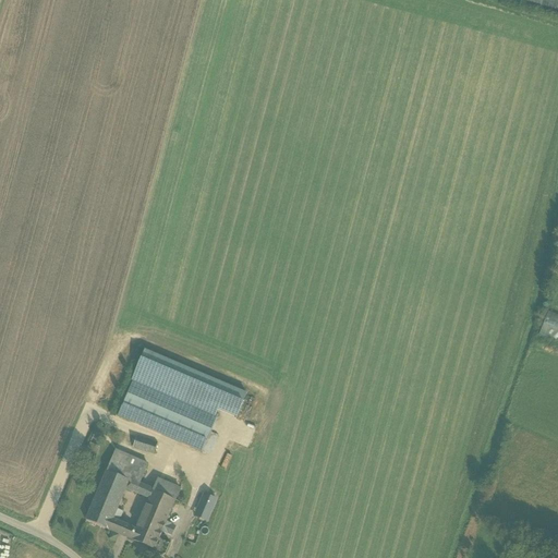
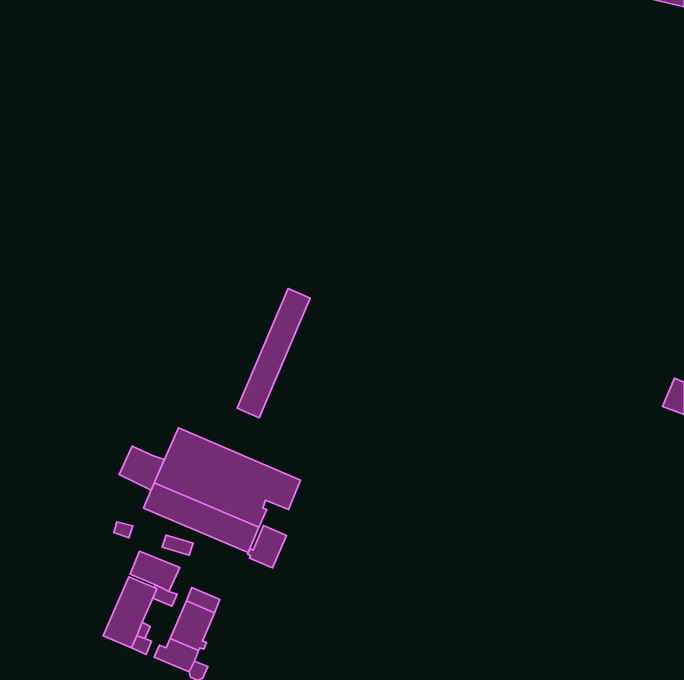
building: none -> [237,289,310,418]
building: none -> [119,446,164,490]
building: none -> [247,526,286,568]

